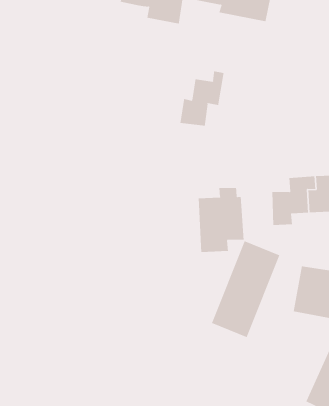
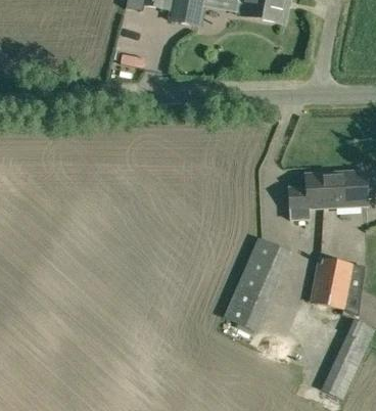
building: [180,70,224,127] -> none
building: [198,187,244,253] -> none

